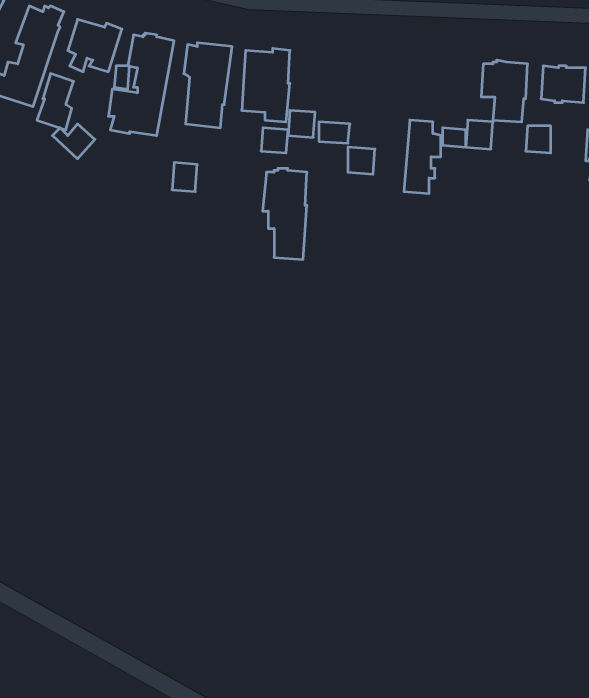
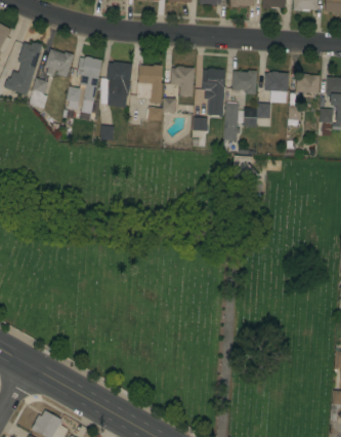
building: none -> [171,66,195,96]
building: none -> [232,70,257,94]
building: [263,168,307,259] -> [202,68,225,116]

